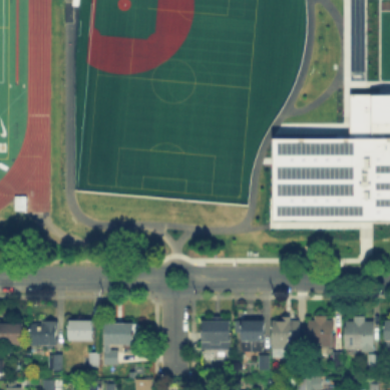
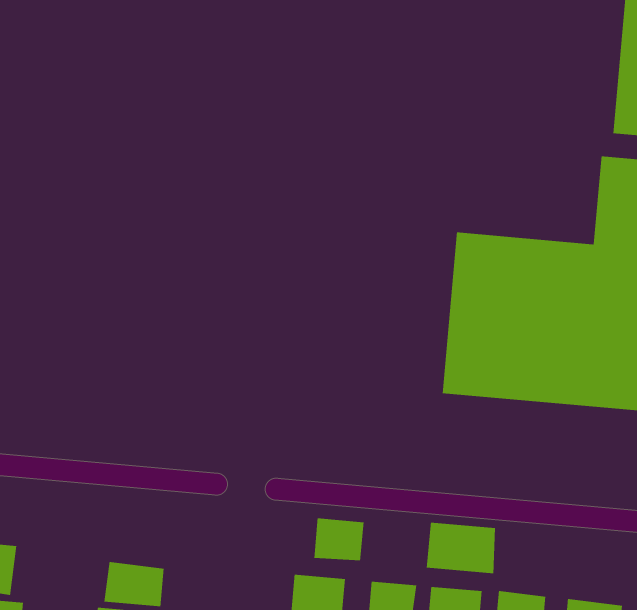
building: none -> [426,522,495,574]
building: none -> [314,518,364,561]
building: [72,323,94,342] -> none

